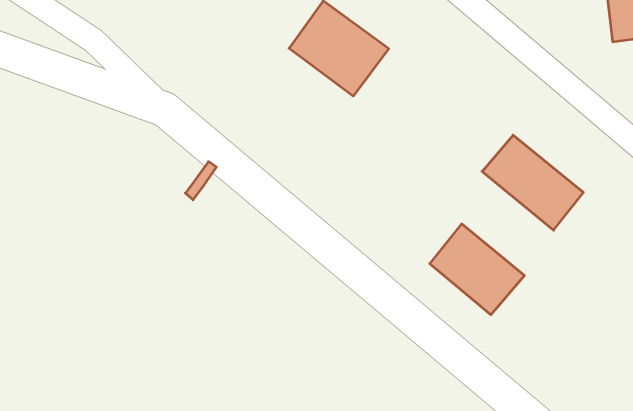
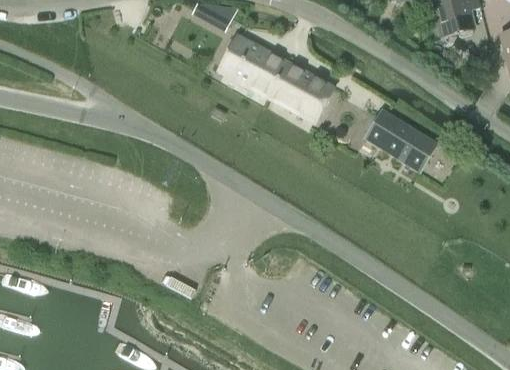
building: none -> [269,61,334,122]
building: [430,224,524,315] -> none

